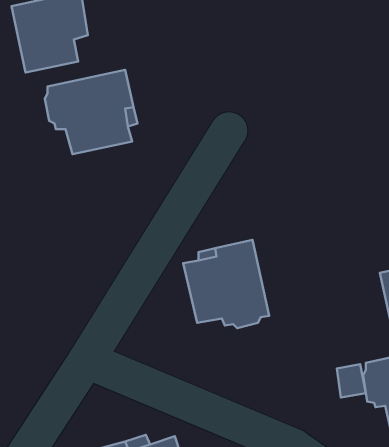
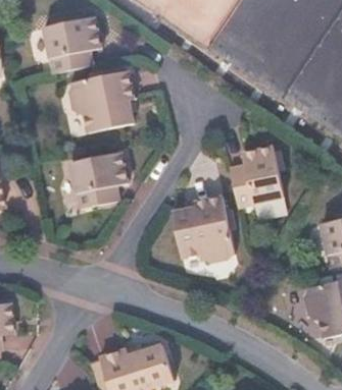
building: none -> [229,147,284,208]
building: none -> [71,153,129,209]

